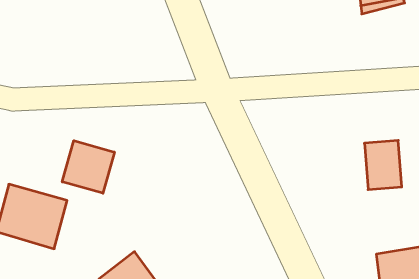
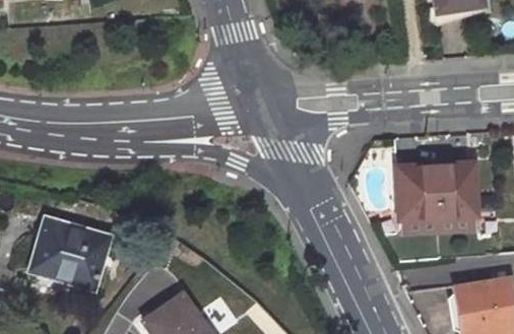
building: [62,141,114,193] -> none
building: none -> [399,169,442,222]

